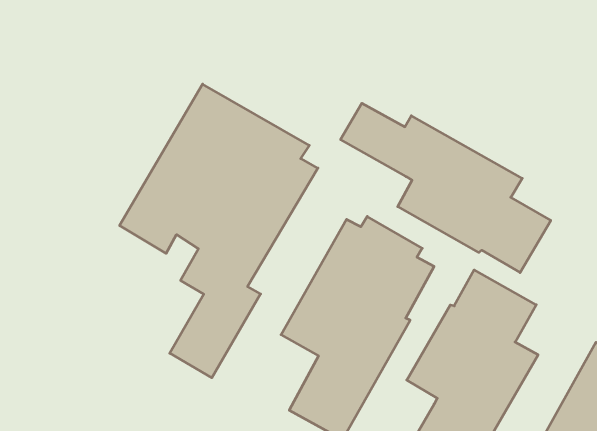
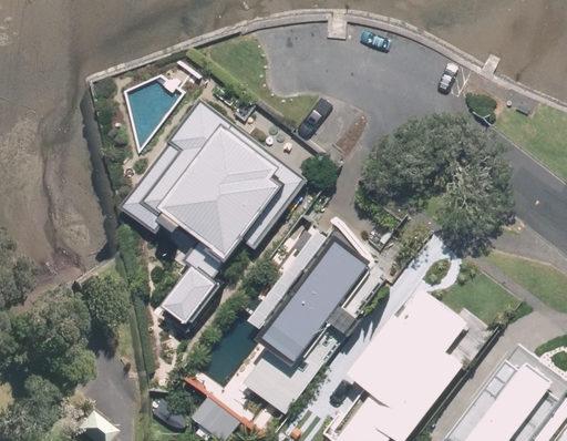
building: [341,103,551,273] -> none

